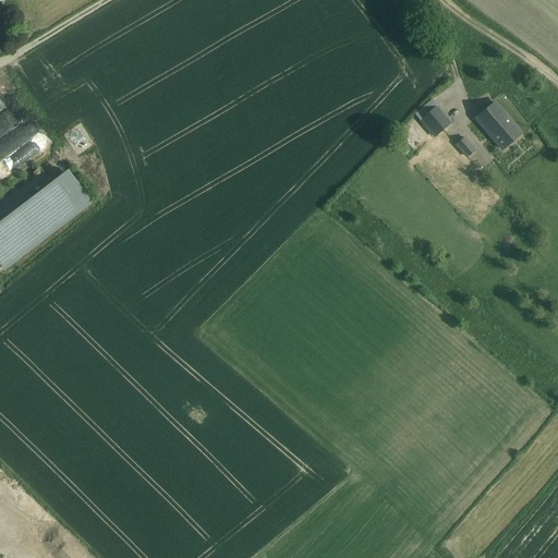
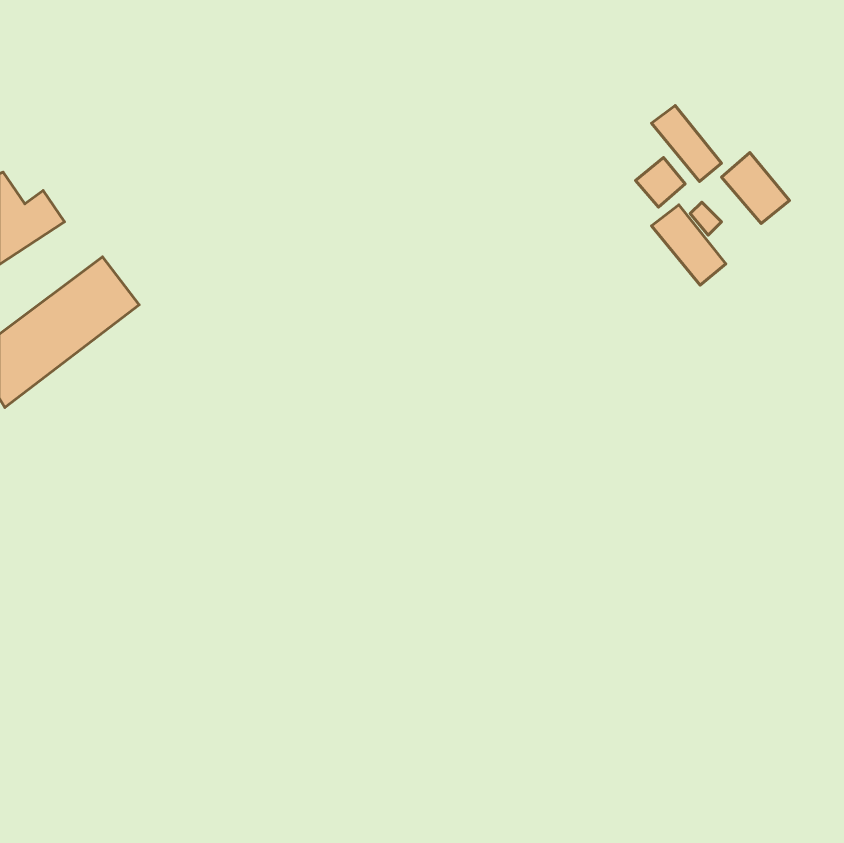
building: none -> [651,106,721,182]
building: none -> [651,205,726,285]

